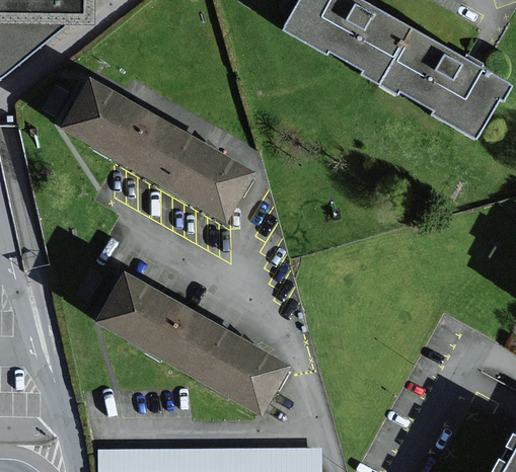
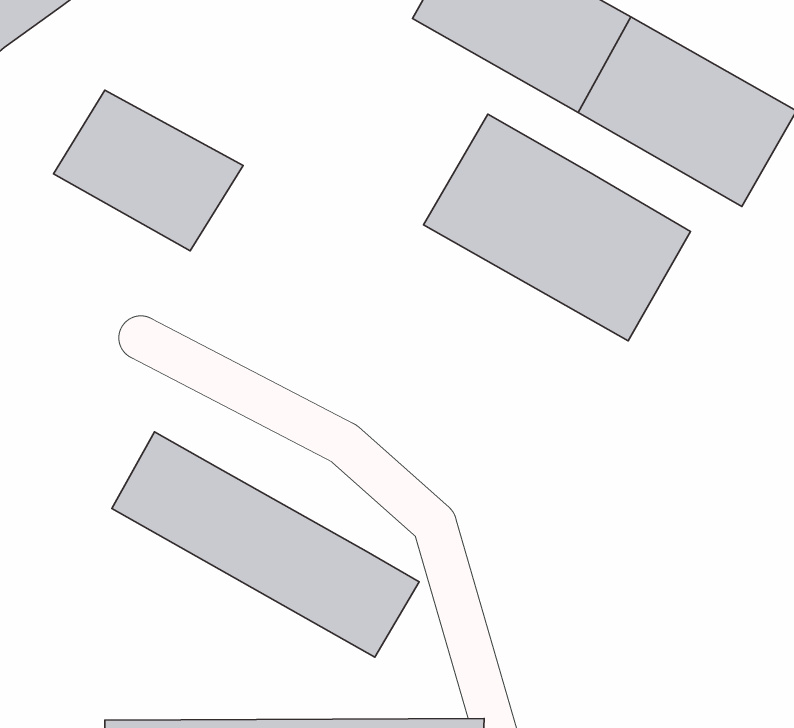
building: none -> [424,114,691,341]
building: [145,119,260,219] -> none

